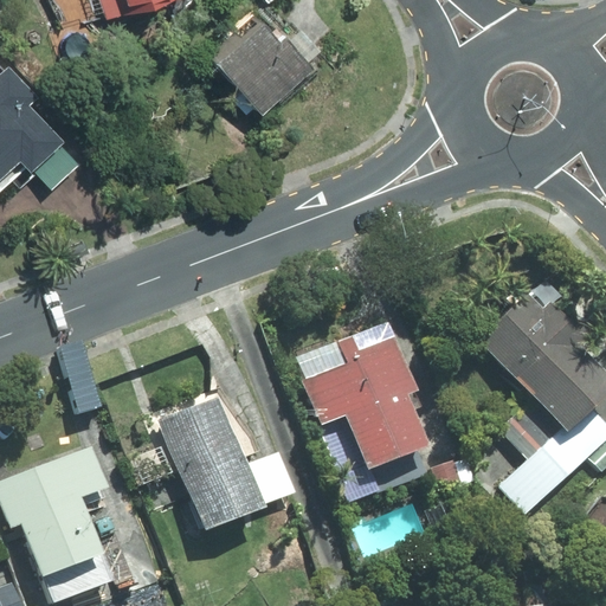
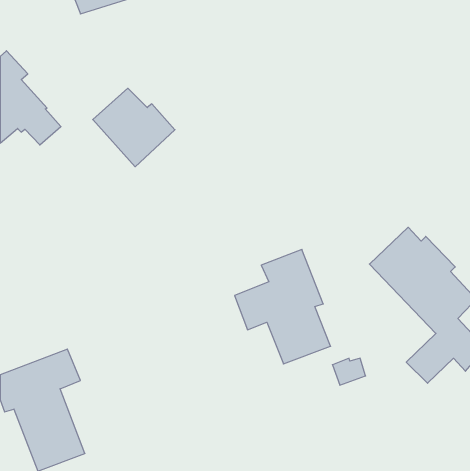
building: [205,12,310,112] -> [93,88,175,167]
building: [157,397,263,530] -> none

